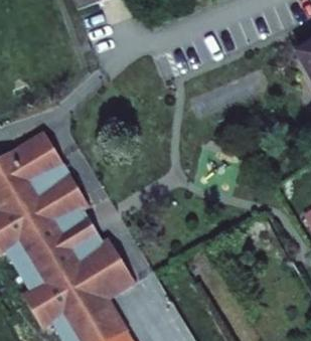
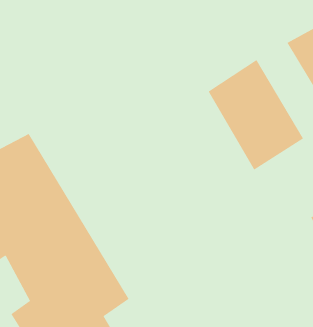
building: none -> [208,59,304,171]

